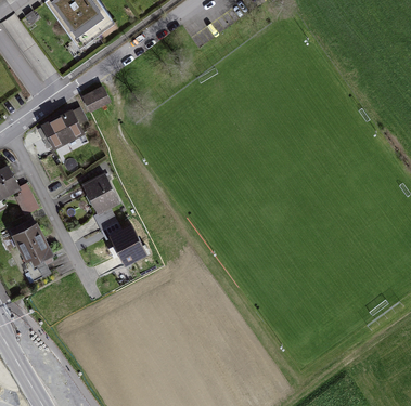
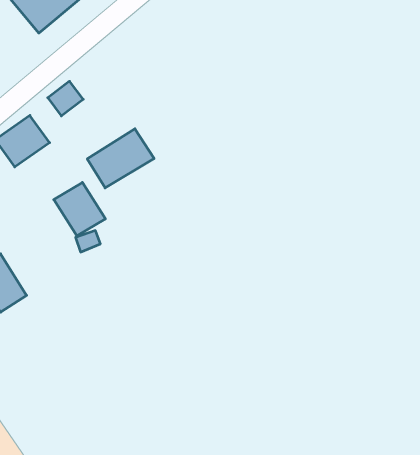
building: none -> [87,129,154,188]
building: [107,221,146,263] -> none

